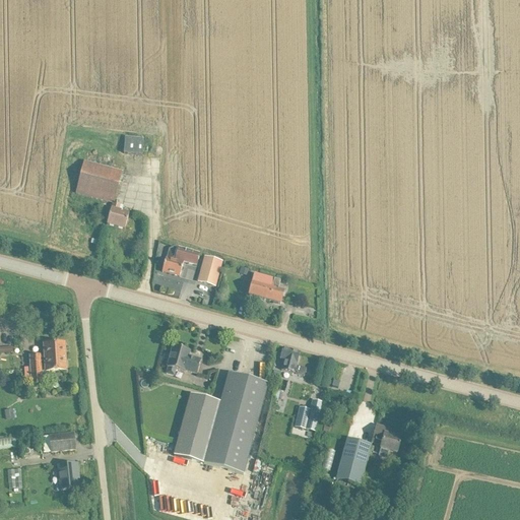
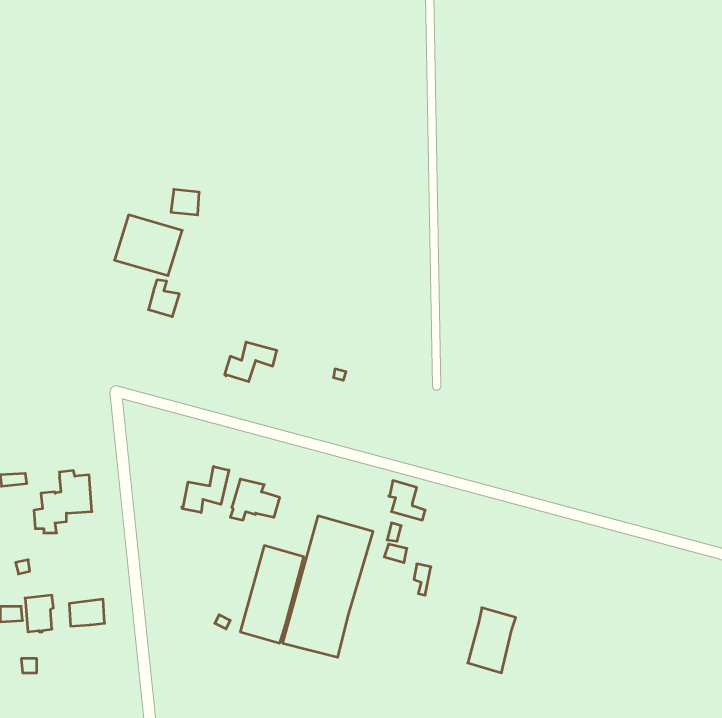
building: [198,255,221,284] -> none
building: [249,272,283,302] -> none
building: none -> [182,466,229,513]
building: [372,422,400,456] -> none
building: [58,462,78,489] -> [25,595,53,632]

